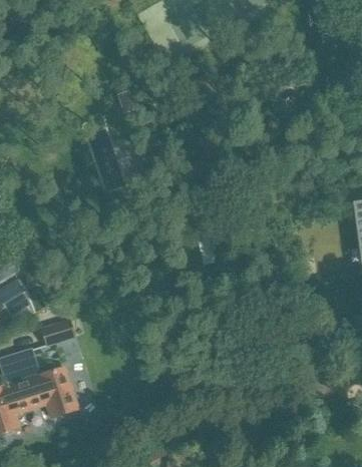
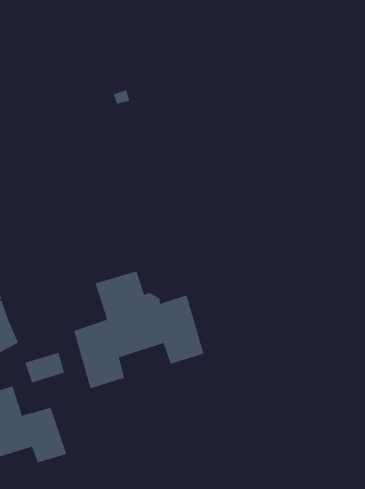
building: none -> [74,270,204,389]

